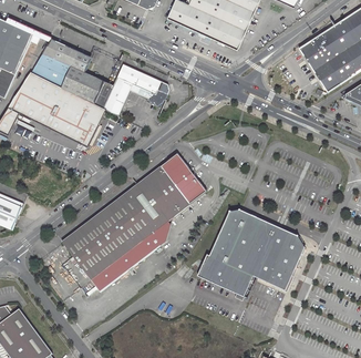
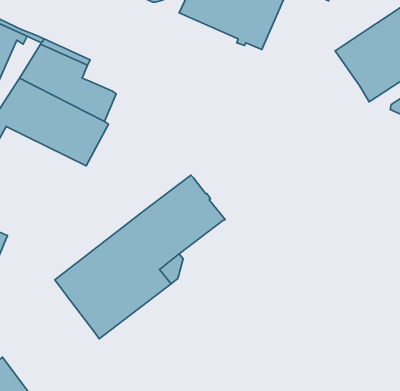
building: [104,64,169,116] -> none
building: [196,211,305,297] -> none

